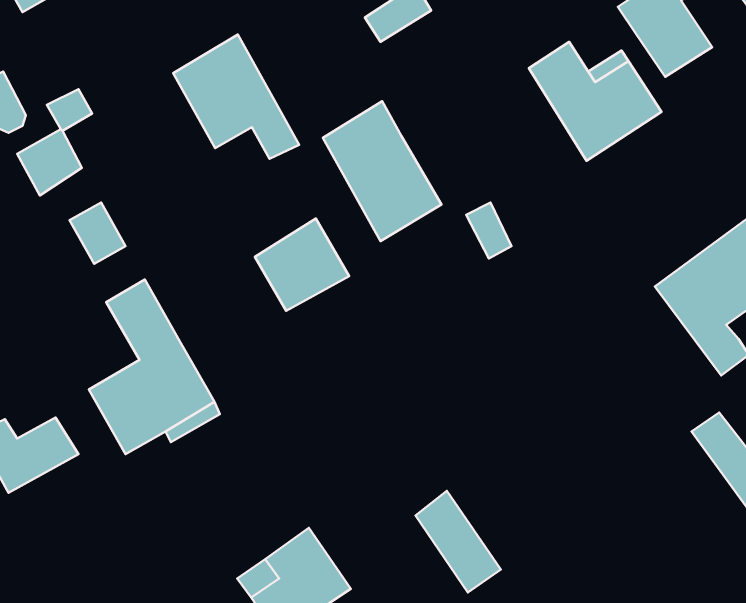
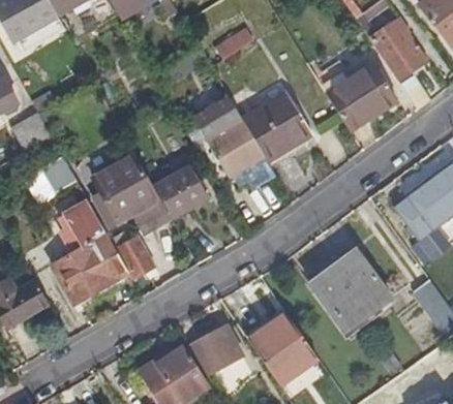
building: [173,35,299,159] -> [93,157,168,230]
building: none -> [240,90,309,159]
building: none -> [109,232,155,278]
building: none -> [313,255,389,330]
building: none -> [267,313,319,372]
building: none -> [192,328,241,375]

